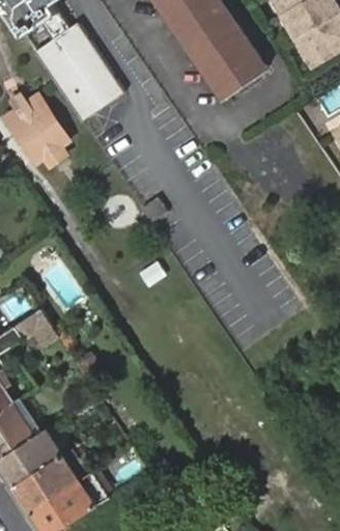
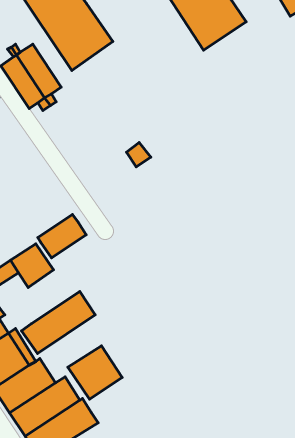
building: none -> [38,214,86,258]
building: none -> [22,291,95,353]
building: none -> [68,346,122,399]

